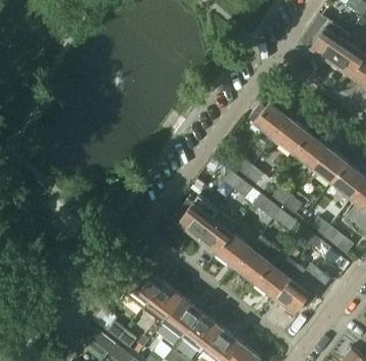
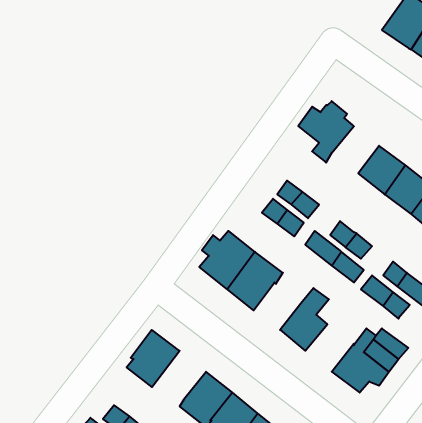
building: [273,118,308,153] -> none
building: [217,232,251,266] -> none
building: [254,257,299,297] -> none
building: [142,282,182,317] -> none

